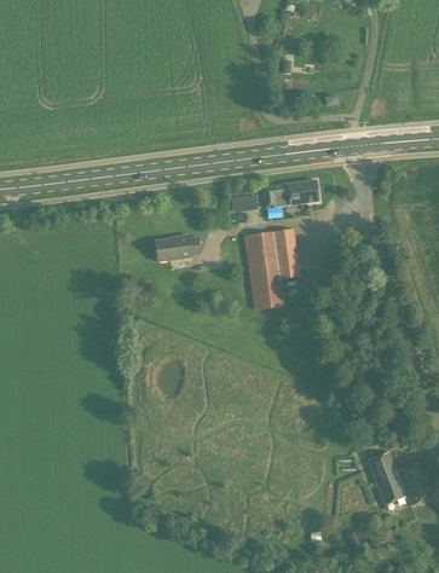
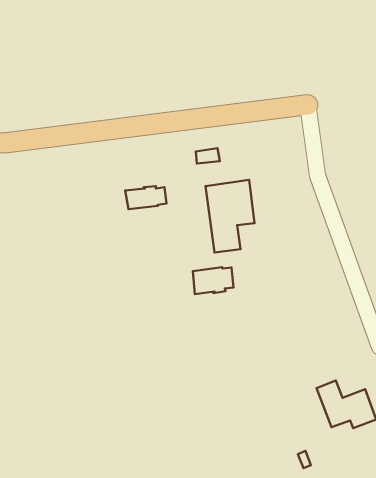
building: [262,179,317,207] -> none
building: none -> [193,267,234,294]

